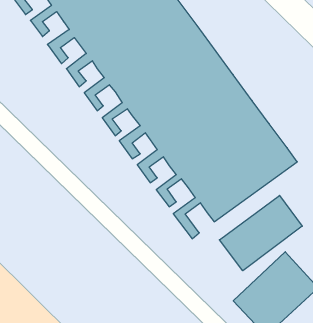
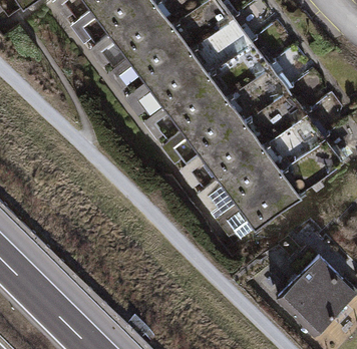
building: [219,195,302,271] -> none

